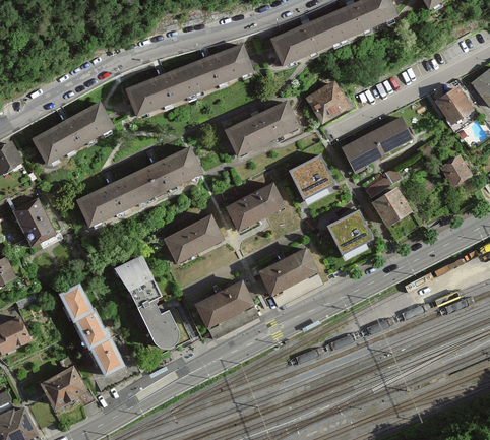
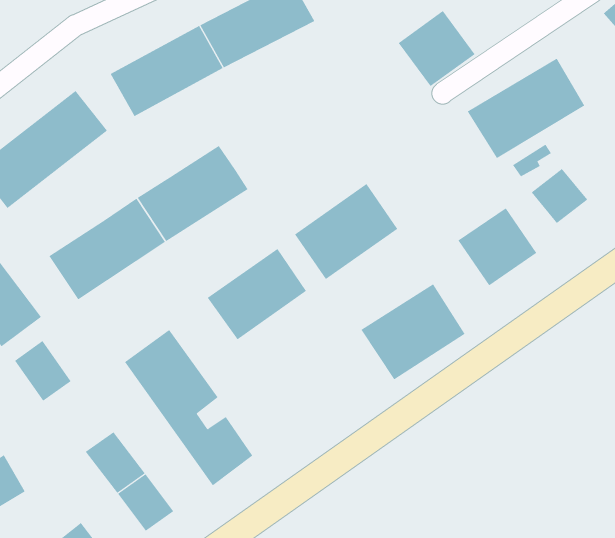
building: [224,101,296,151] -> none
building: [285,151,332,198] -> none
building: [192,278,258,338] -> none
building: [64,285,98,322] -> [14,340,72,402]

